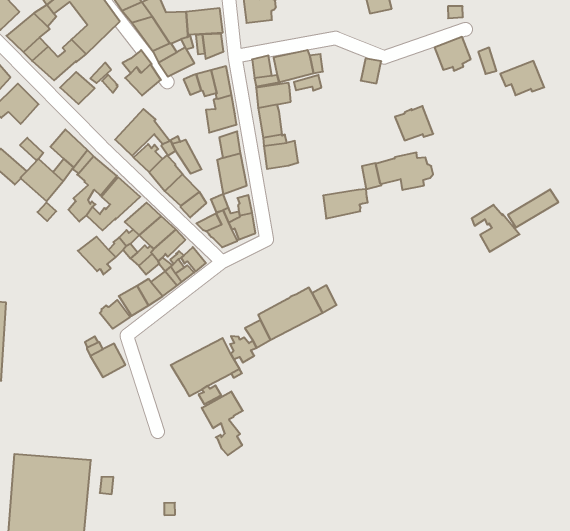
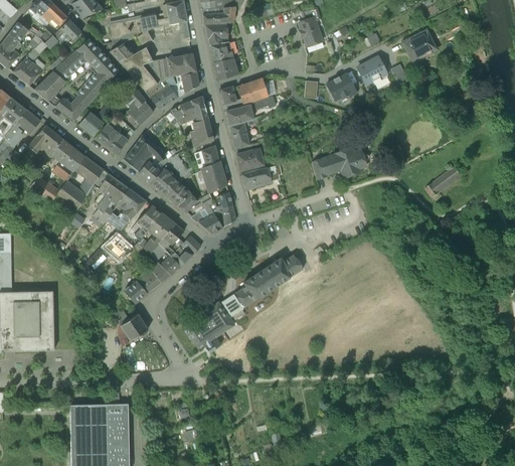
building: none -> [213,58,238,81]
building: [500,61,544,95] -> [402,30,437,57]
building: none -> [95,123,128,155]
building: none -> [51,139,84,170]
building: [395,106,433,140] -> [326,73,356,101]
building: [323,189,368,219] -> [241,166,276,191]
building: [472,205,520,252] -> none
building: [202,391,243,455] -> none

